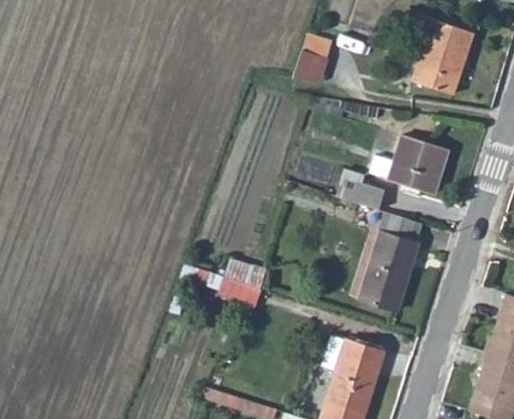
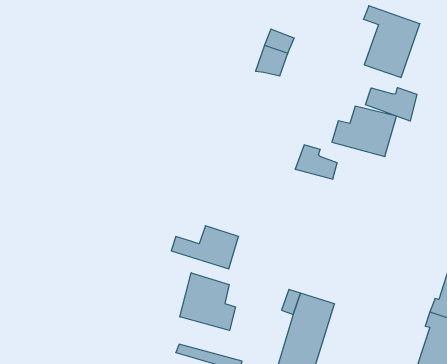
building: none -> [365,88,417,121]
building: [355,209,421,306] -> none
building: none -> [180,273,236,330]

